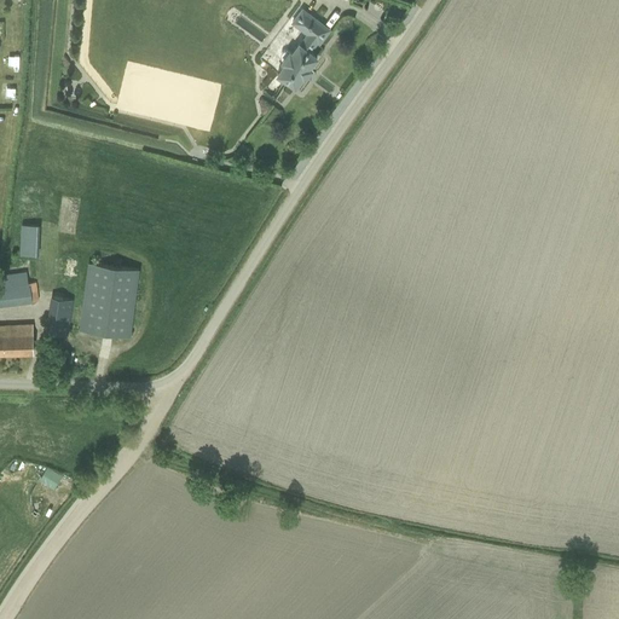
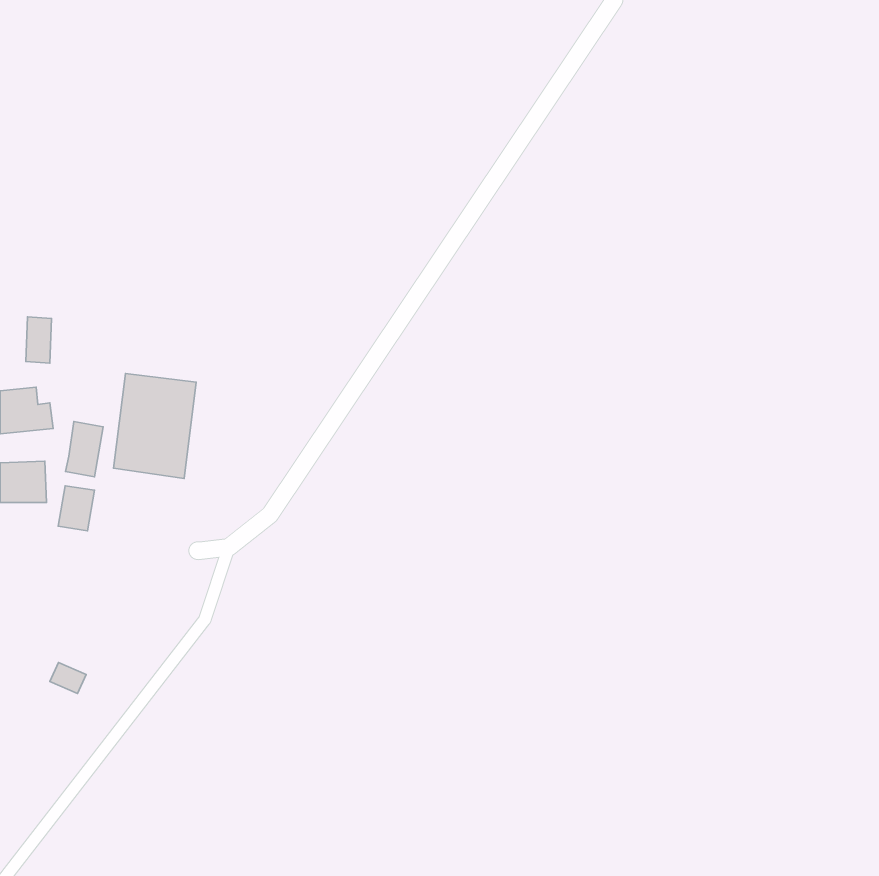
building: [277,11,329,88] -> none
building: none -> [58,486,95,531]

